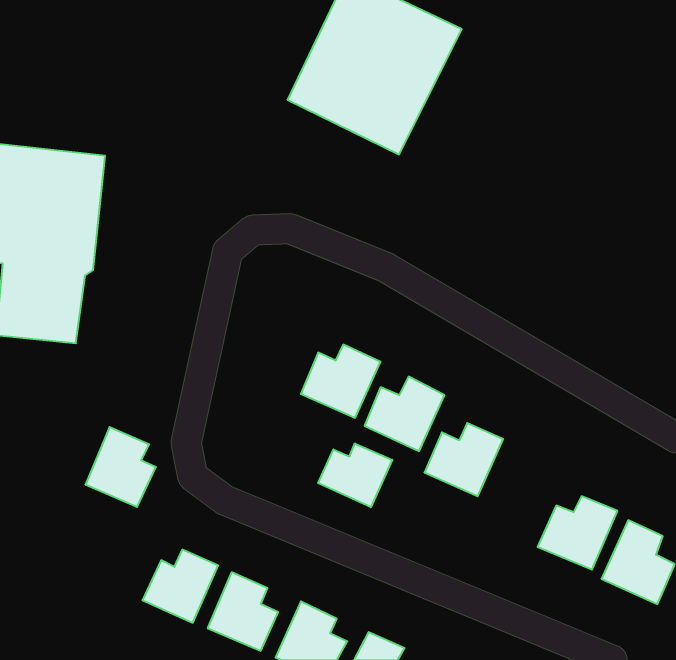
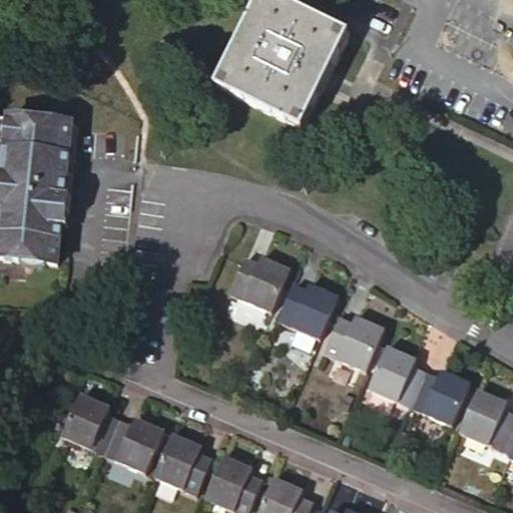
building: [85,427,156,507] -> [68,392,121,452]
building: [318,443,392,507] -> none
building: none -> [362,349,419,412]

